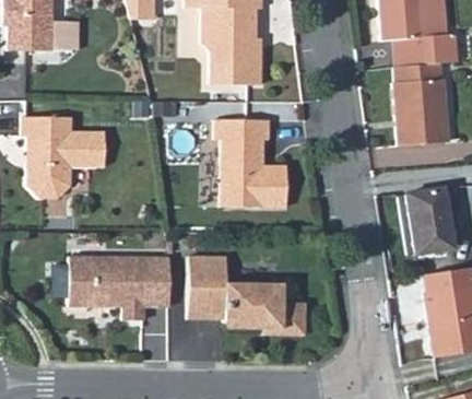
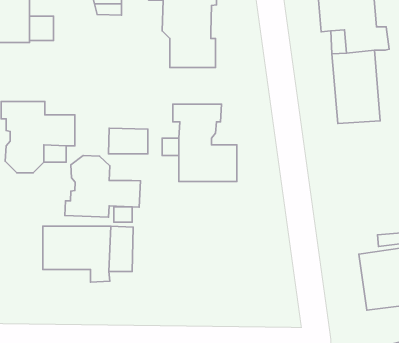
building: none -> [108,128,148,154]
building: none -> [65,156,140,217]
building: [404,185,452,253] -> none
building: [187,256,304,333] -> none

